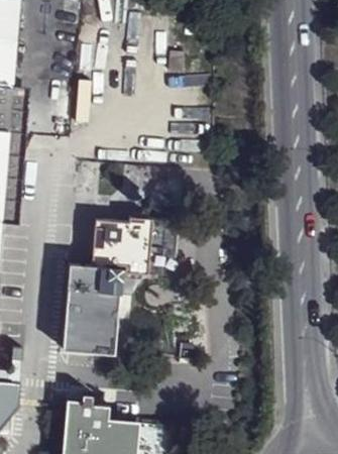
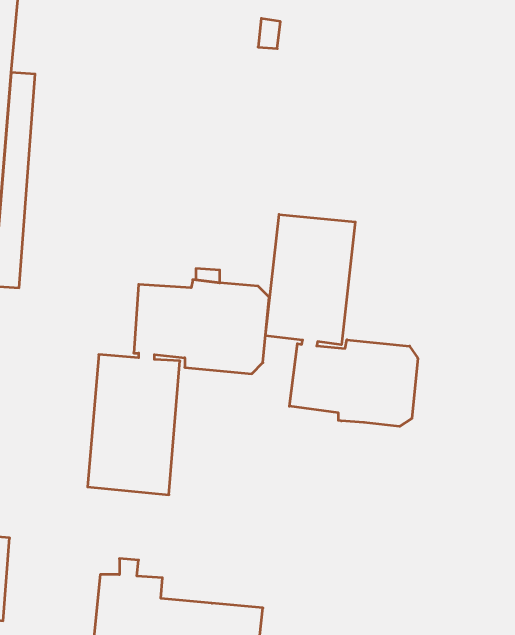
building: none -> [265,214,418,426]

